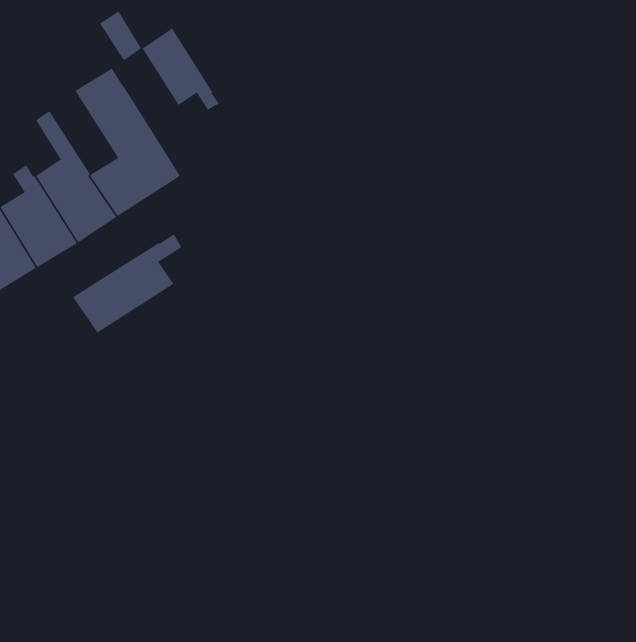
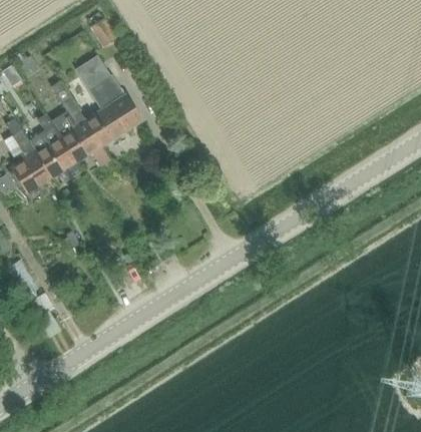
building: [142,28,220,111] -> none
building: [72,233,182,333] -> none

